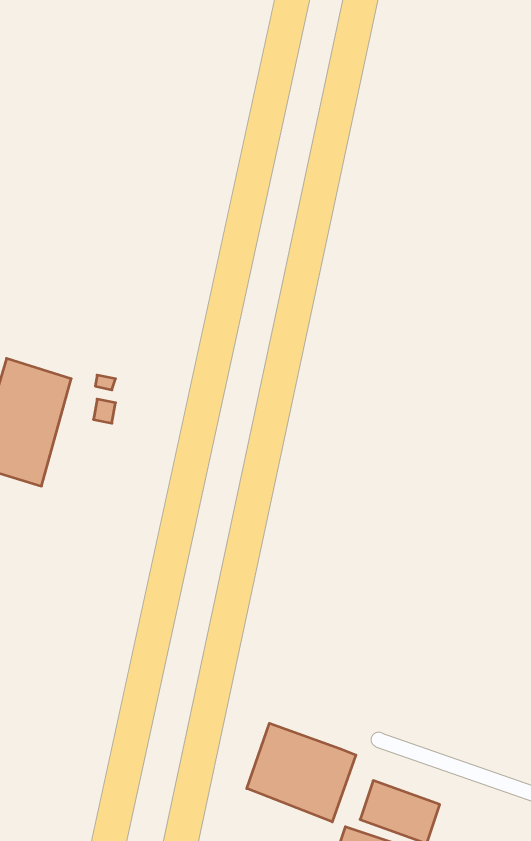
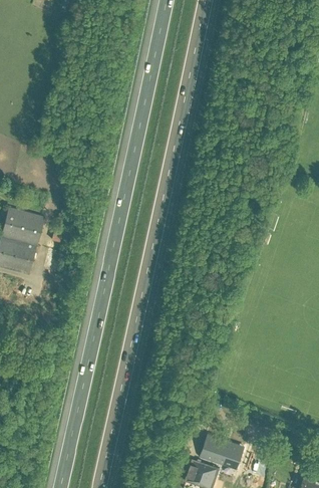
building: [247,723,356,822] -> none

